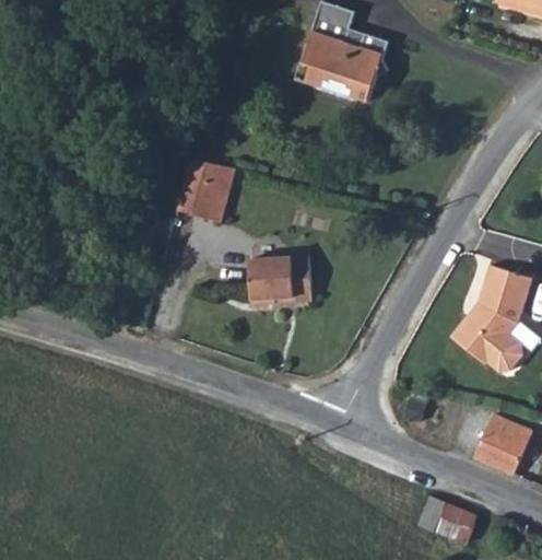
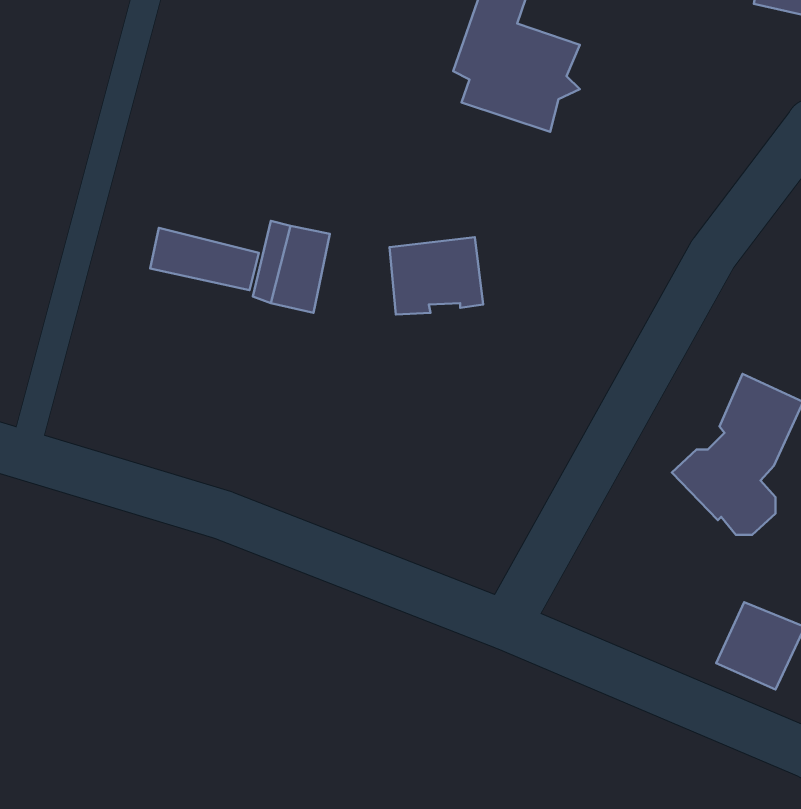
building: none -> [150,228,259,290]
building: [250,262,313,314] -> [389,237,483,315]
building: [420,498,476,542] -> none

